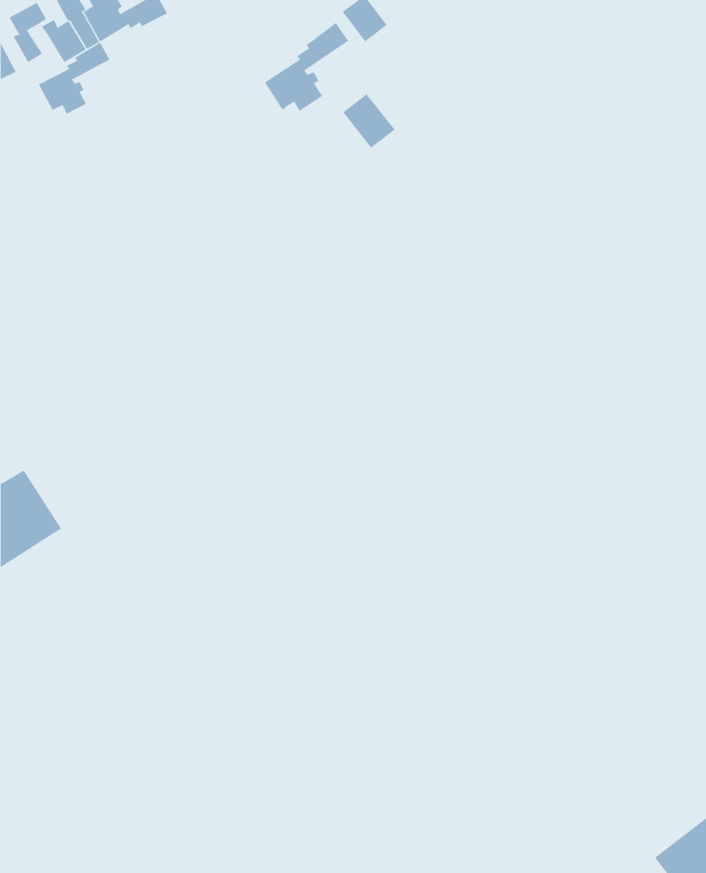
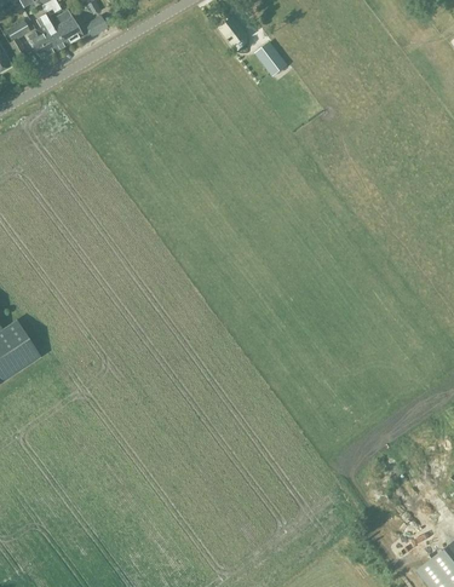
building: [264,22,349,112] -> none
building: [38,42,110,114] -> none
building: [342,94,395,148] -> [254,41,288,76]

